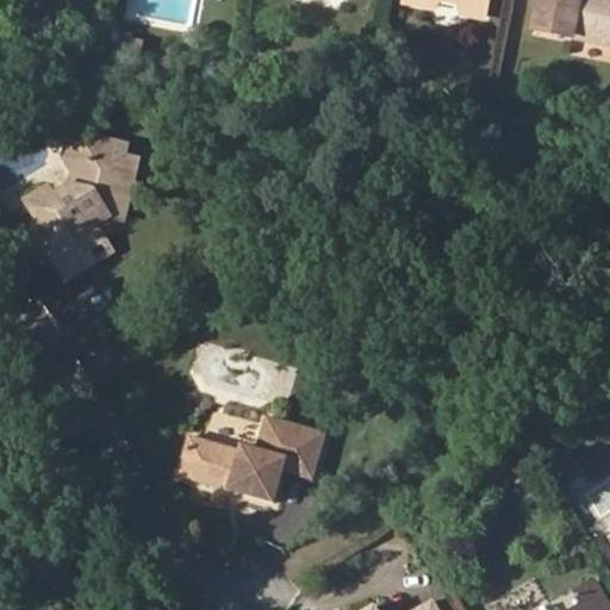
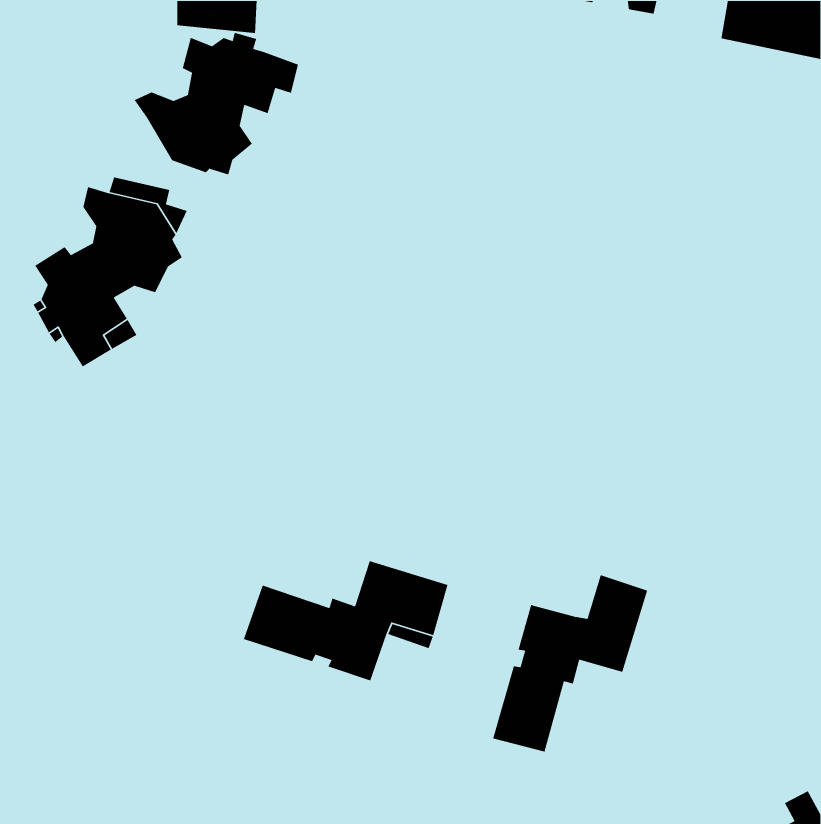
building: none -> [134,32,299,175]
building: none -> [492,574,648,752]

